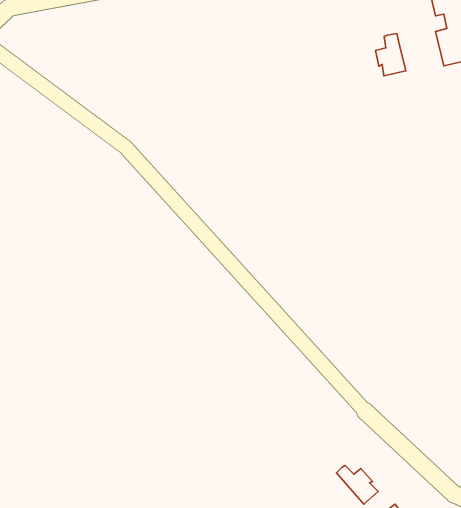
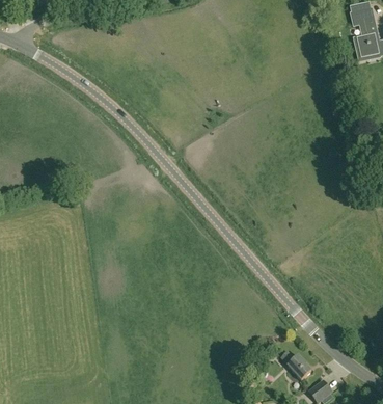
building: [375,33,406,76] -> none

